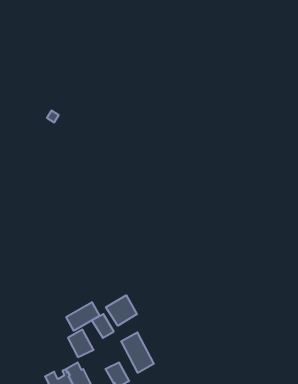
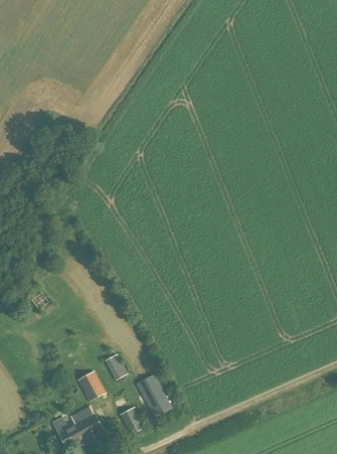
building: [106,295,137,326] -> none
building: [66,302,99,331] -> none

